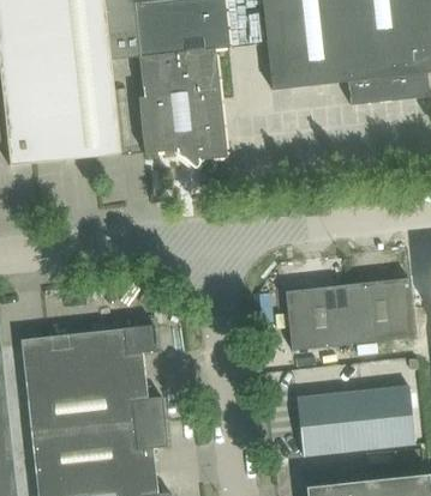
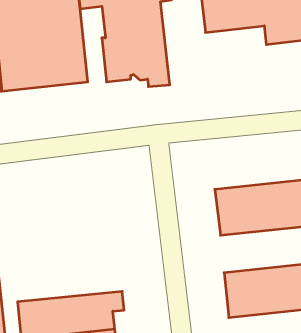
building: [20,325,166,435] -> none

